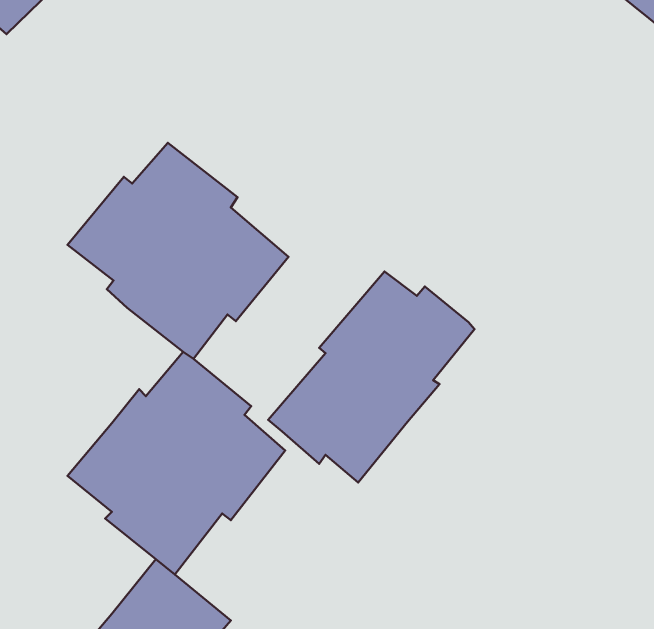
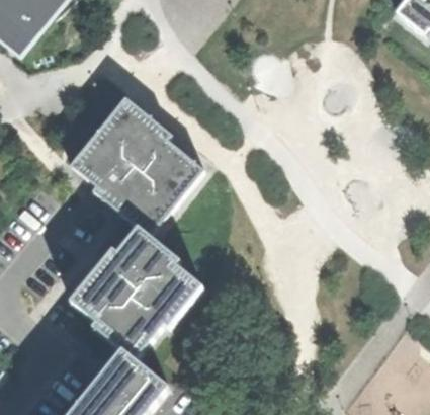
building: [268,271,475,483] -> none

